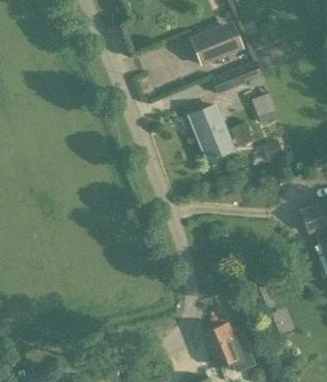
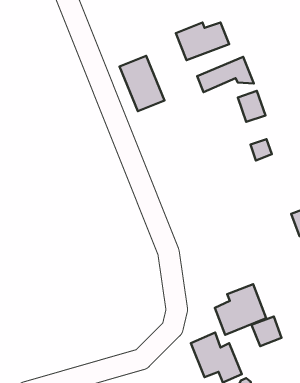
building: [190,106,233,159] -> [120,56,164,111]
building: none -> [215,284,266,335]

